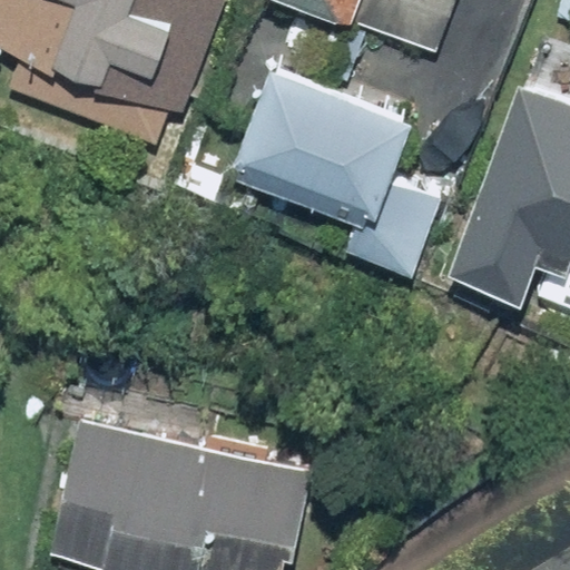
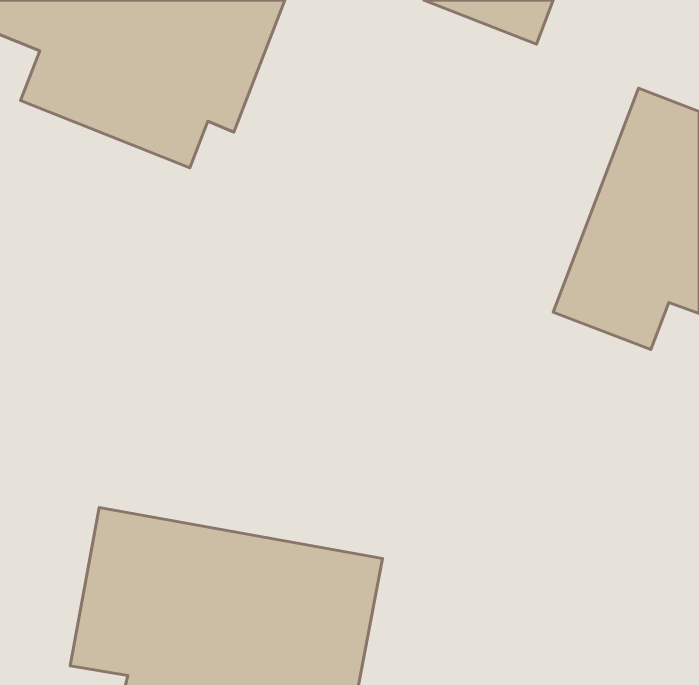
building: [229,62,444,275] -> none

